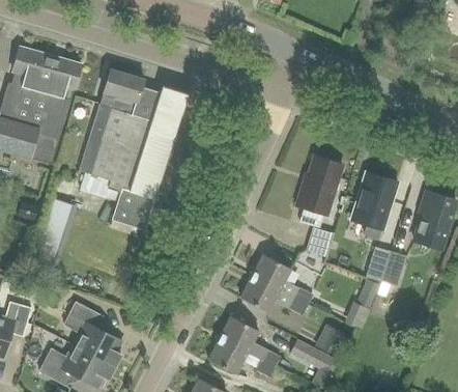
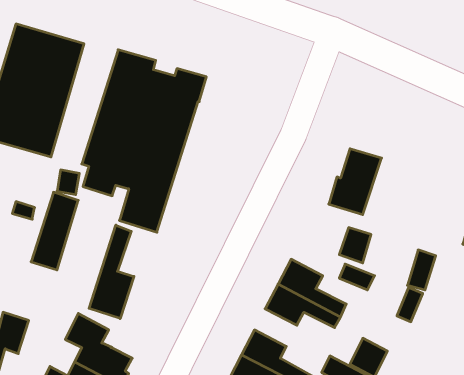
building: [351,172,398,229] -> none
building: none -> [89,225,134,319]
building: [381,251,407,286] -> none

